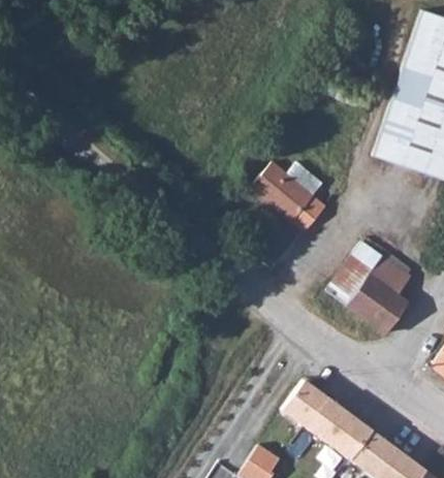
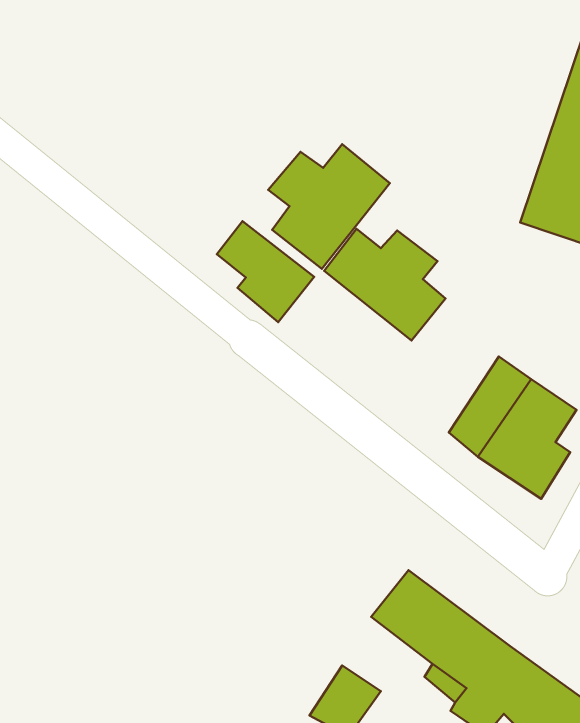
building: none -> [268,144,390,269]
building: none -> [217,221,314,322]

